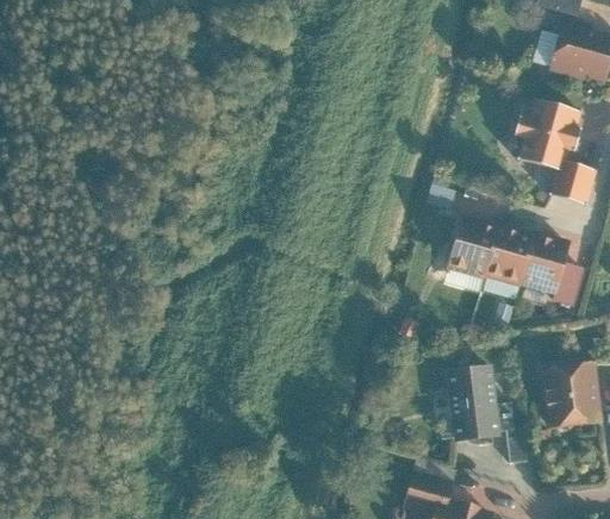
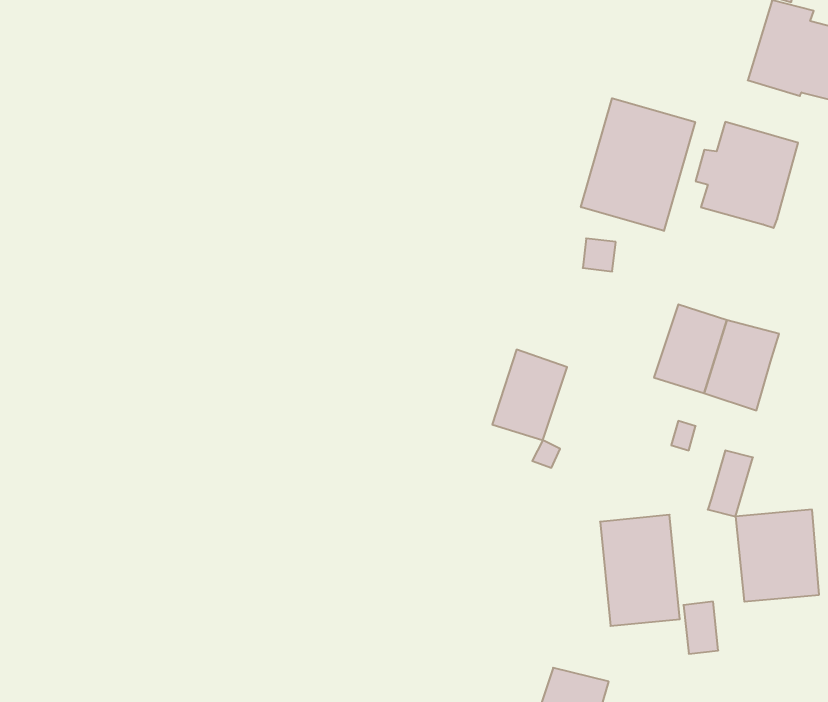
building: none -> [581,98,695,231]
building: [552,165,596,206] -> none
building: [449,212,500,274] -> [492,350,567,440]
building: [552,263,583,308] -> [708,450,753,516]

